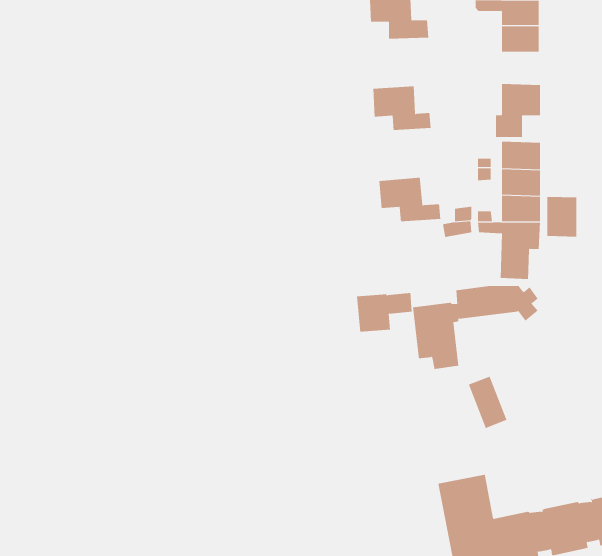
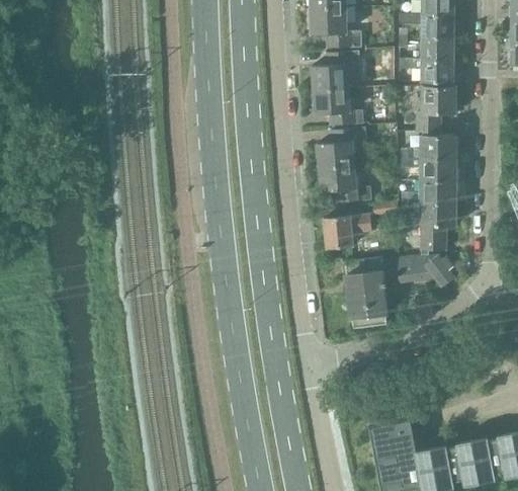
building: none -> [312,52,359,91]
building: none -> [399,61,454,84]
building: none -> [317,129,366,169]
building: [547,196,577,237] -> none
building: [356,293,412,332] -> [324,216,371,249]
building: [468,376,507,429] -> none

